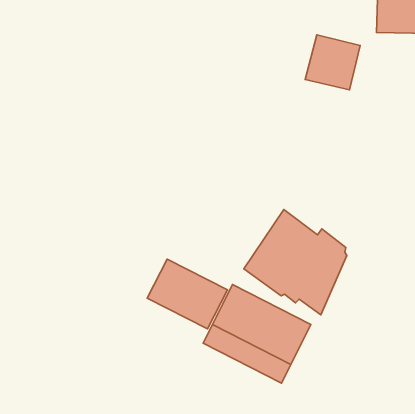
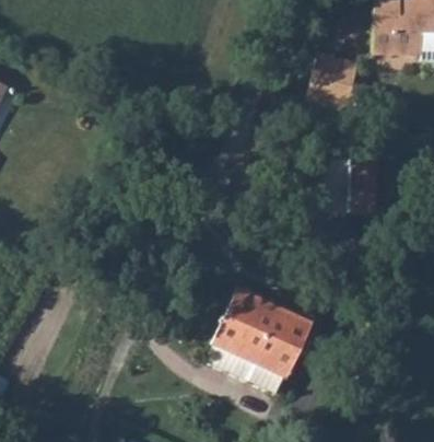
building: [244,209,347,315] -> none
building: [147,259,227,329] -> none

